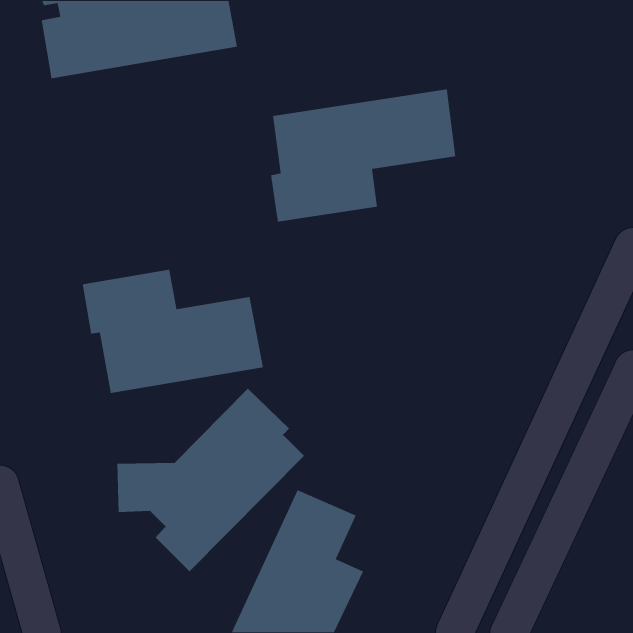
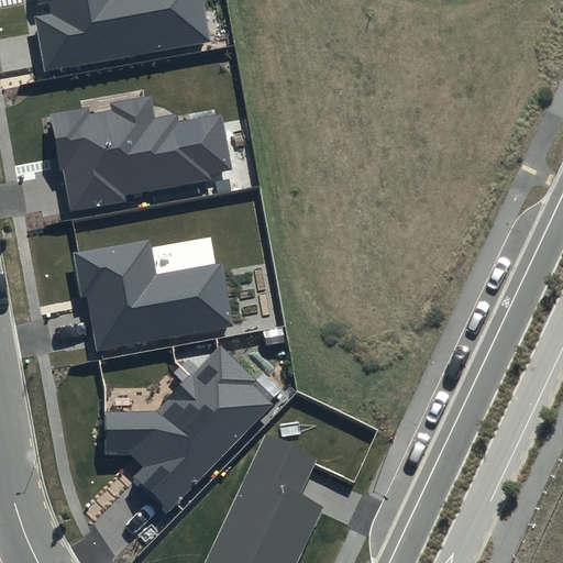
building: [270,88,456,223] -> none
building: none -> [49,97,231,210]

